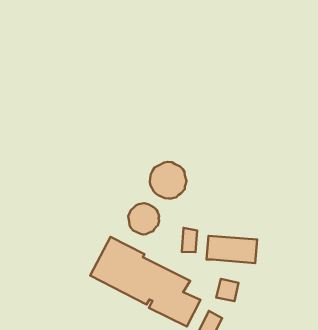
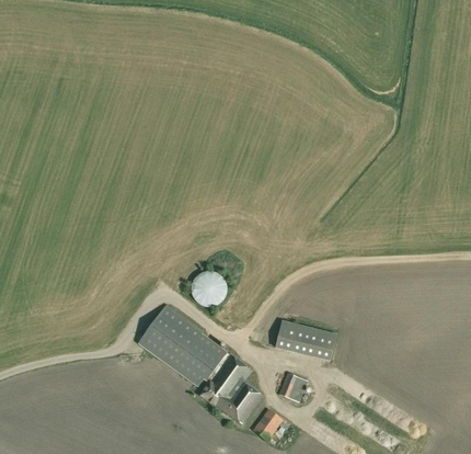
building: [150,162,187,199] -> none
building: [182,228,197,252] -> none

